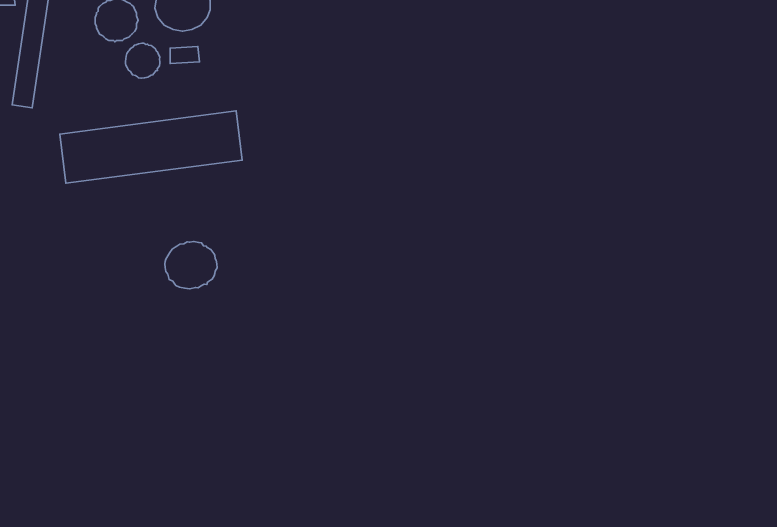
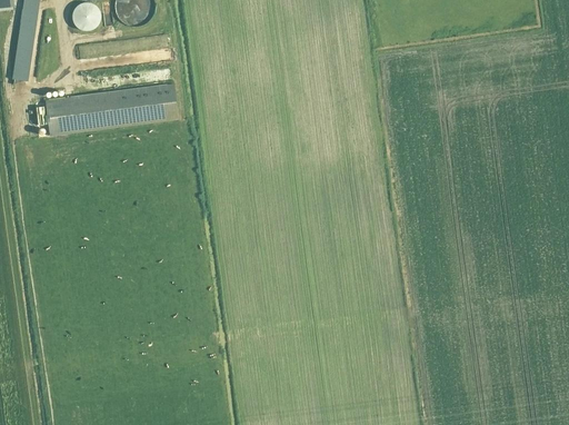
building: [125,43,160,78] -> none
building: [165,242,217,289] -> none

